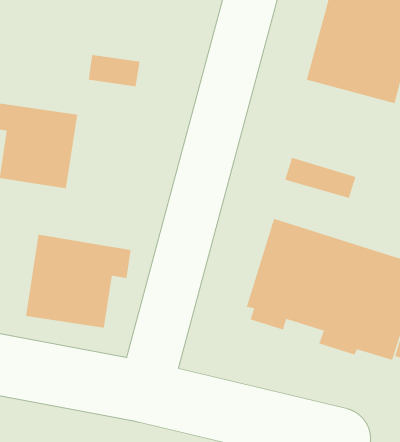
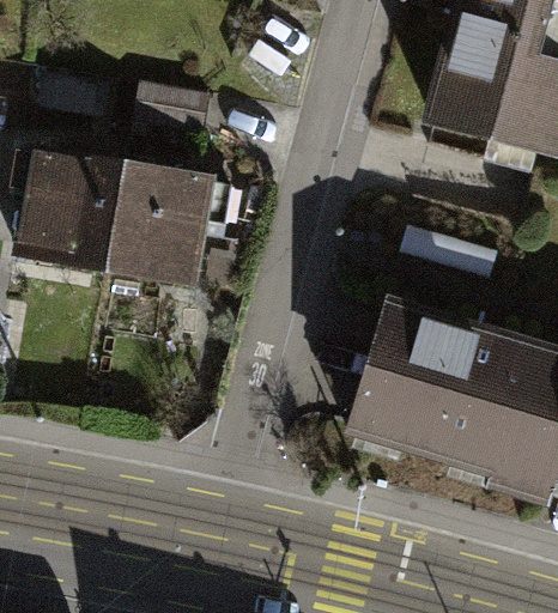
building: none -> [109,163,229,277]
building: [25,234,131,329] -> none

